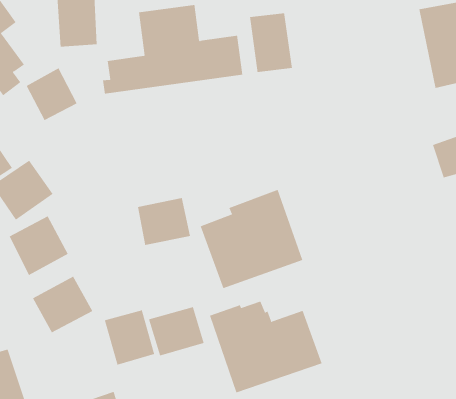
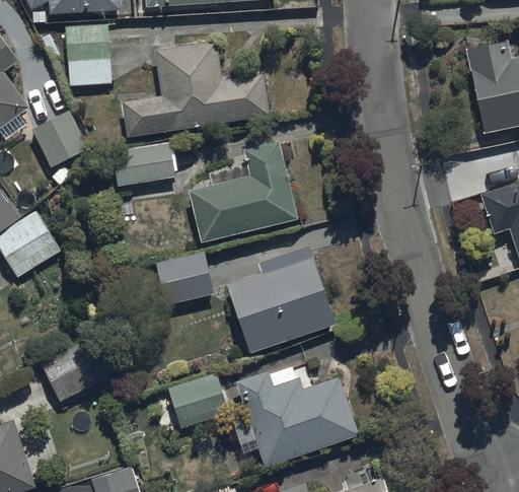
building: [249,12,292,73] -> none
building: none -> [193,138,298,240]
building: none -> [112,142,177,185]
building: [9,215,69,276] -> none
building: [104,310,155,365] -> none

